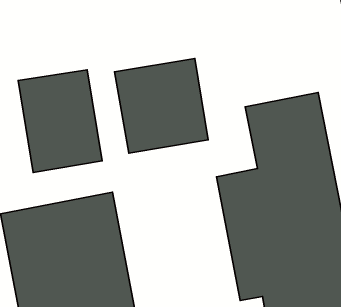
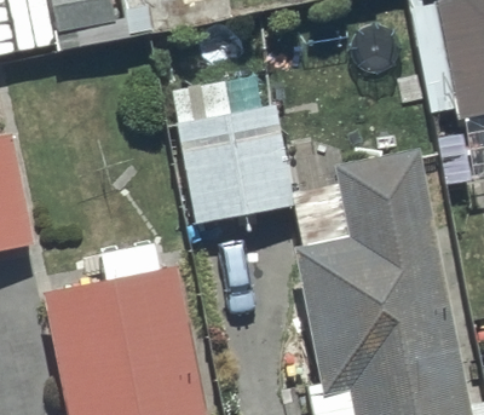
building: [18,70,102,172] -> none

